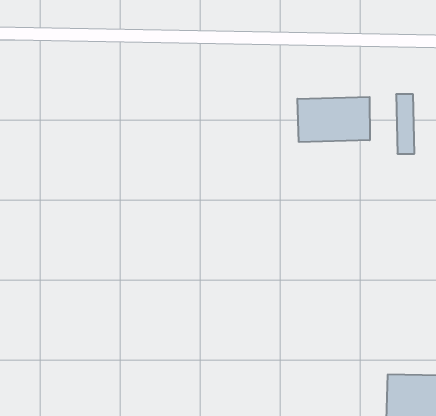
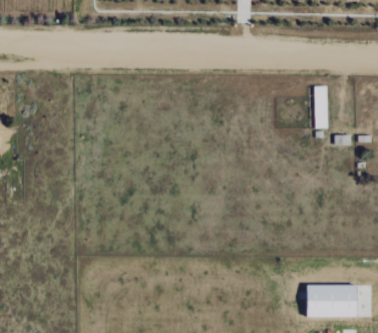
building: [297,97,370,142] -> none

